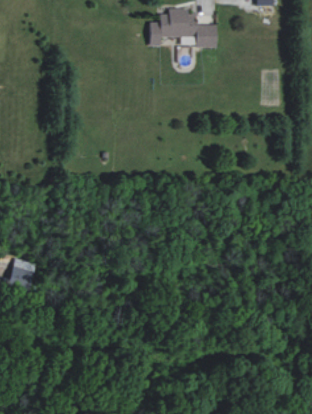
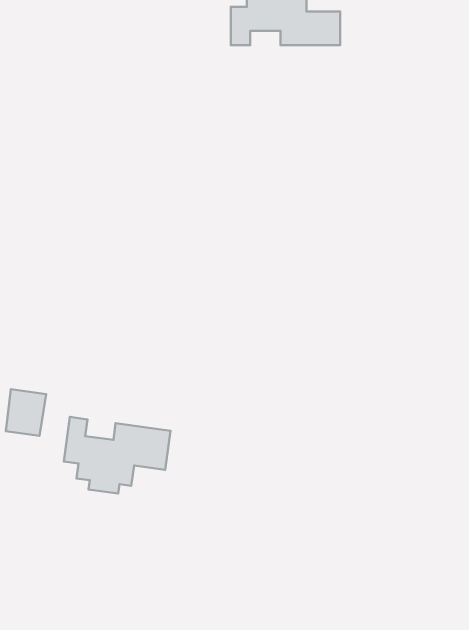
building: none -> [64,417,170,494]

